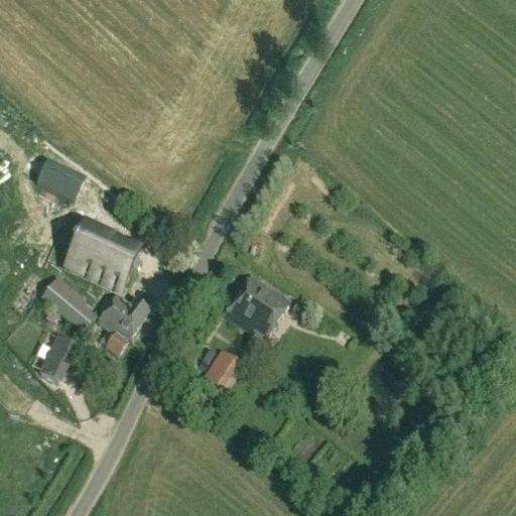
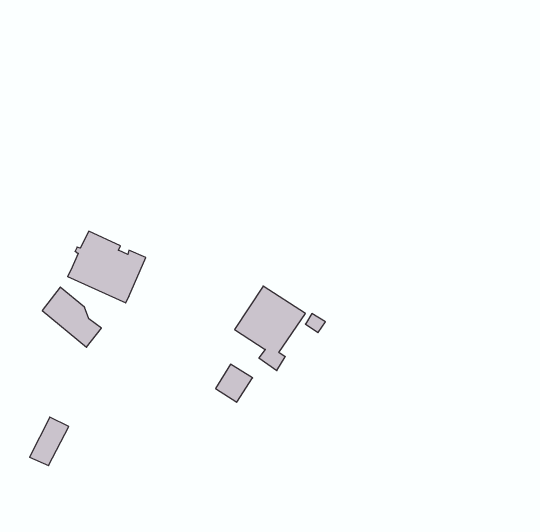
building: [37,158,85,198] -> none
building: [89,293,149,354] -> none
building: [41,334,79,380] -> [30,417,69,466]

